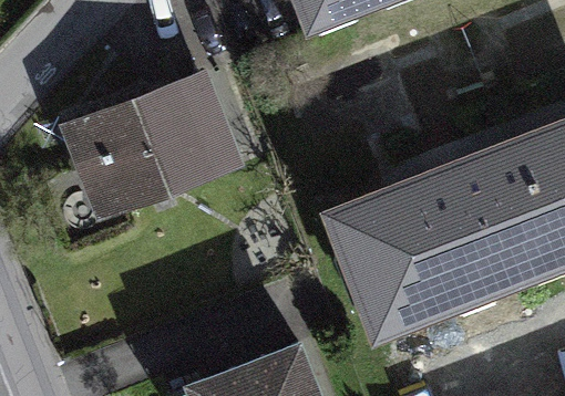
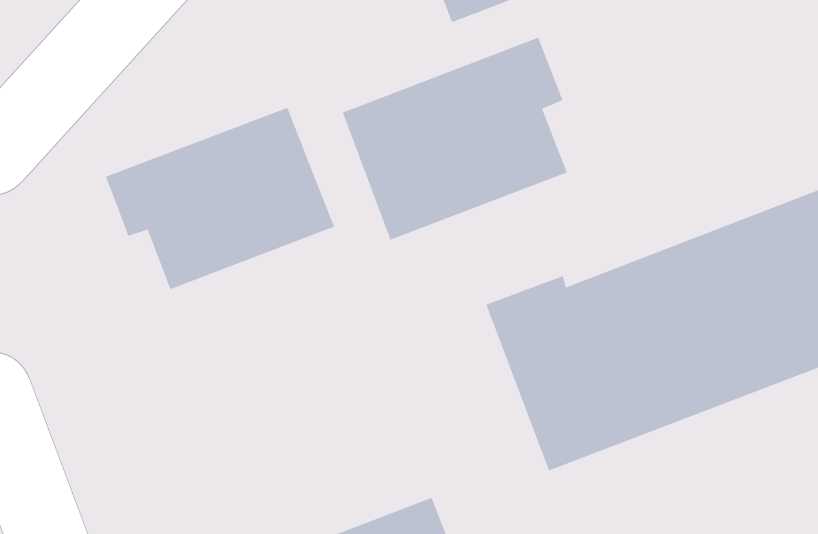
building: none -> [342,37,567,241]

